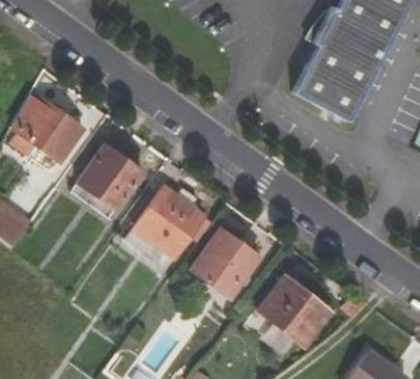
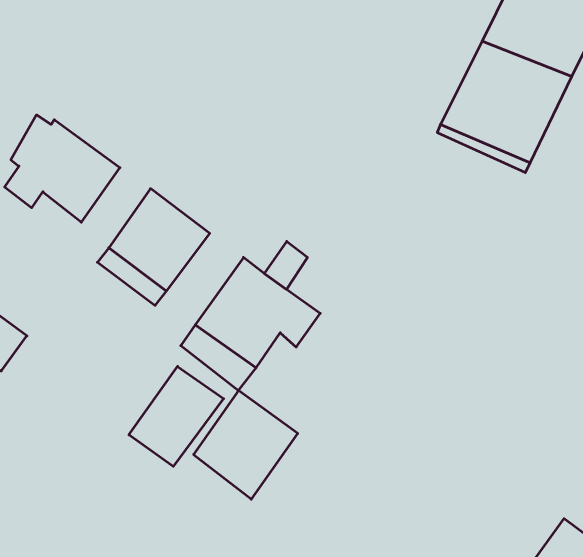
building: [195,225,262,296] -> [194,390,298,499]
building: none -> [129,366,224,466]
building: [262,274,334,344] -> none

